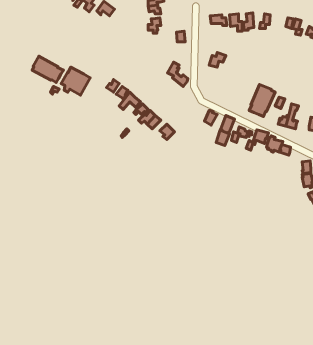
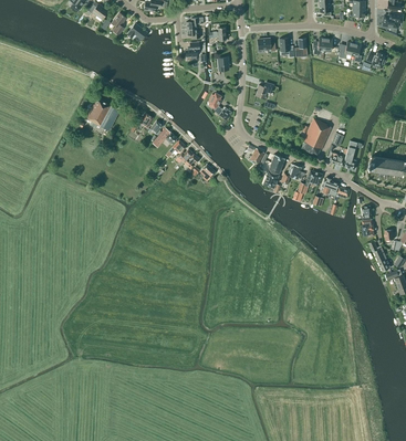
building: [32,56,63,82] -> none

